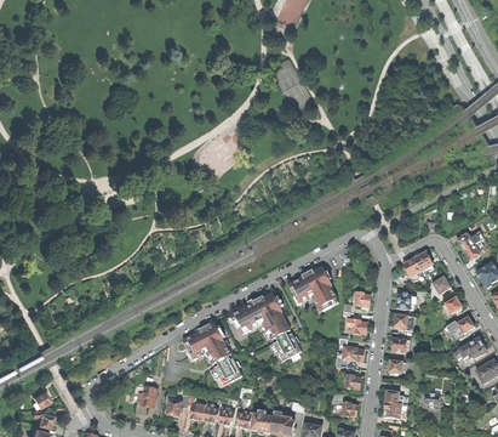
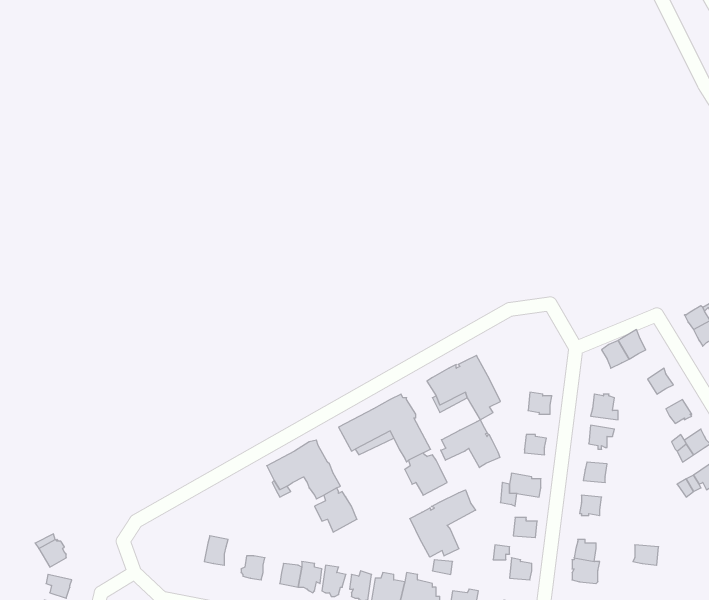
building: none -> [441,420,500,468]
building: none -> [410,490,476,557]

